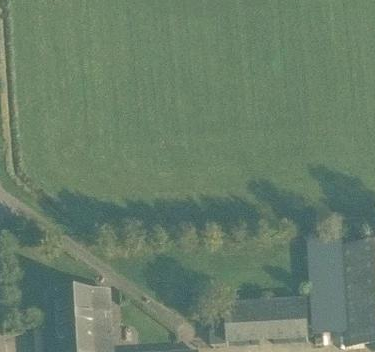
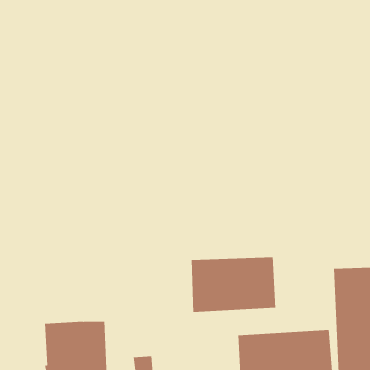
building: none -> [191,256,276,313]

